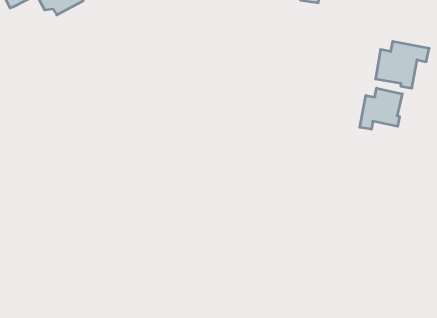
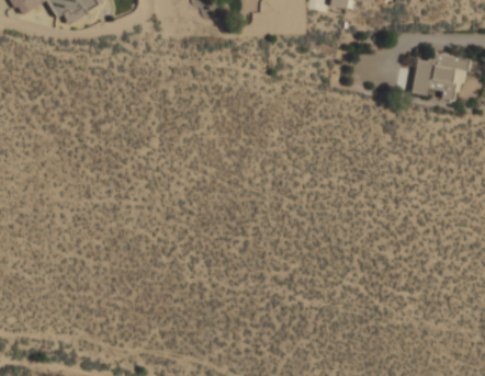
building: [360,88,402,129] -> none

